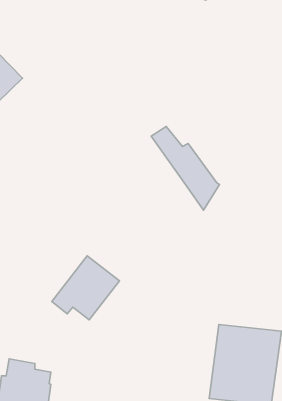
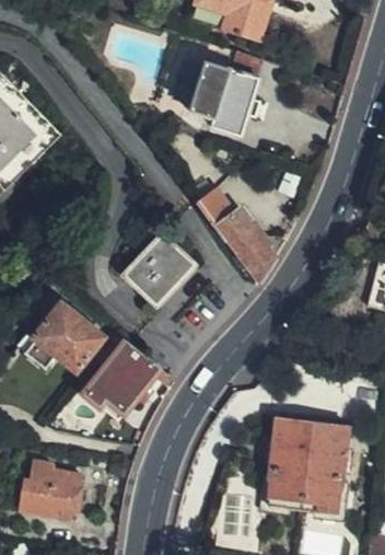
building: none -> [186,57,262,138]
building: none -> [125,234,194,303]
building: none -> [36,307,105,372]

